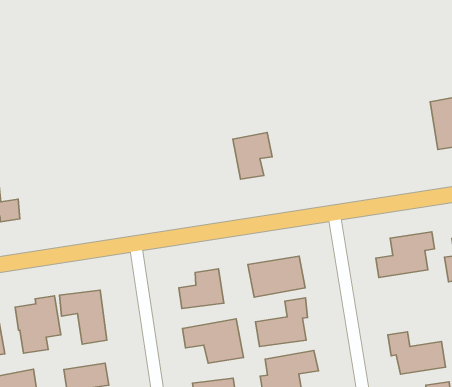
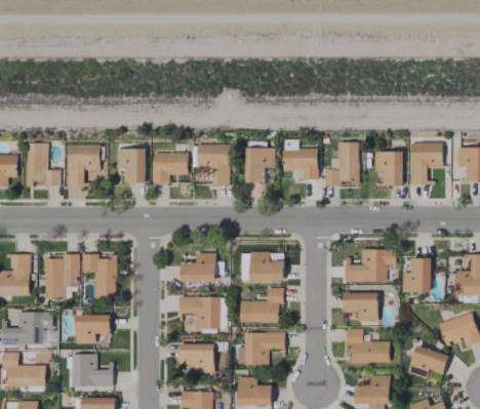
building: none -> [324,142,358,187]
building: none -> [373,152,403,187]
building: none -> [282,141,317,179]
building: none -> [196,144,229,186]
building: none -> [152,153,187,183]
building: none -> [116,149,145,183]
building: none -> [67,145,99,188]
building: none -> [344,293,377,322]

